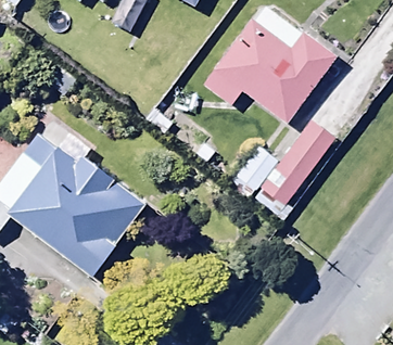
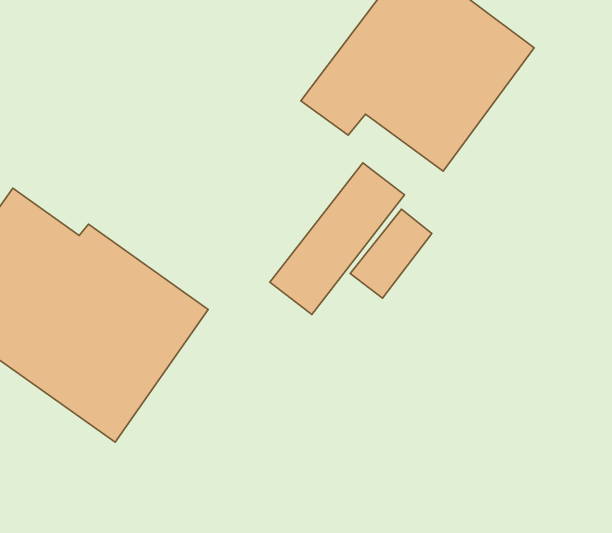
building: [261,120,338,207] -> [270,163,405,314]

